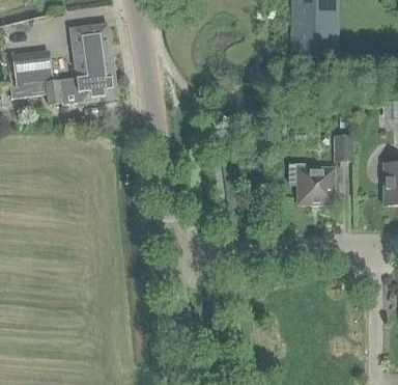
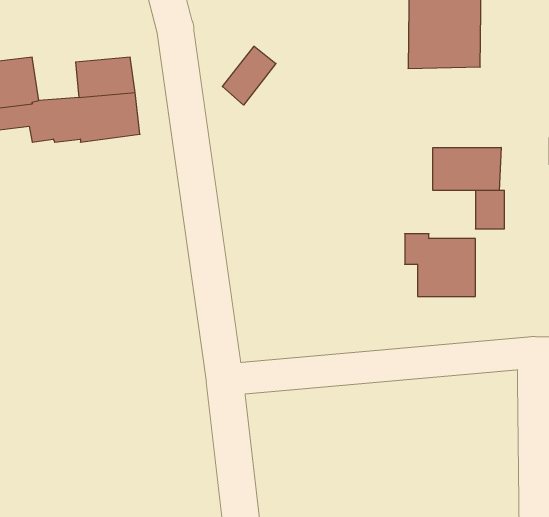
building: [74,24,111,52] -> none
building: none -> [222,46,276,105]
building: none -> [433,147,501,190]

